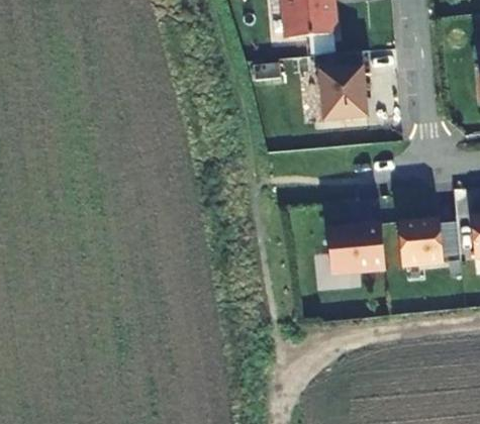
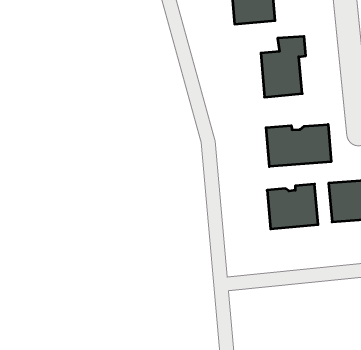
building: none -> [266,124,331,167]

